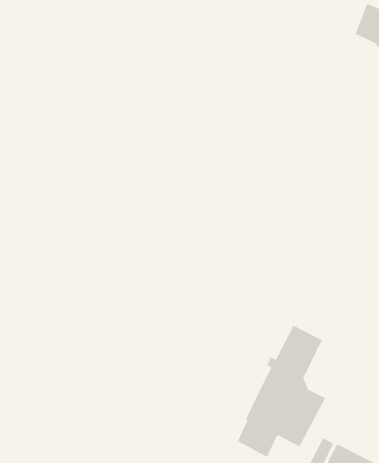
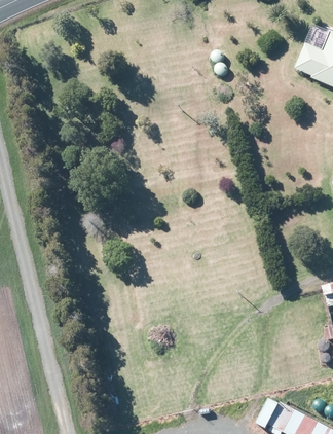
building: [237,325,326,458] -> none

